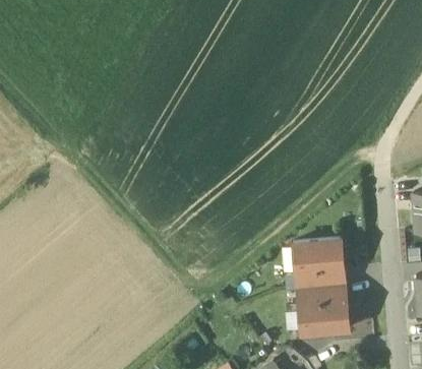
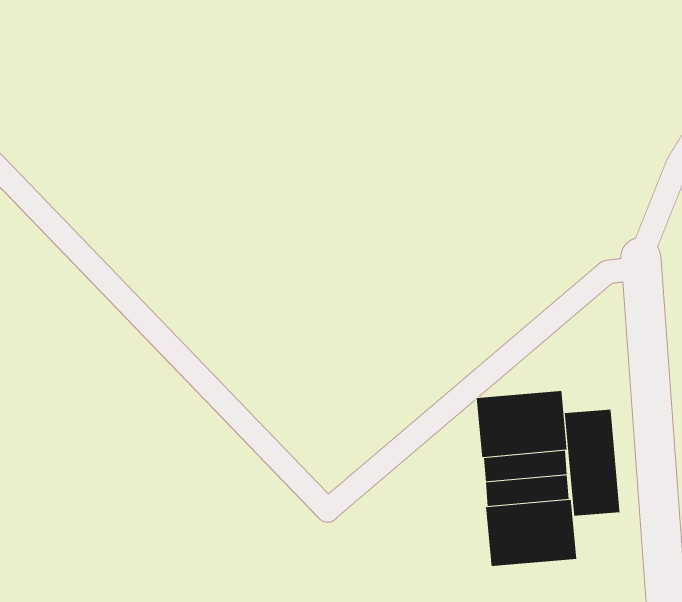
building: none -> [564,409,620,517]

